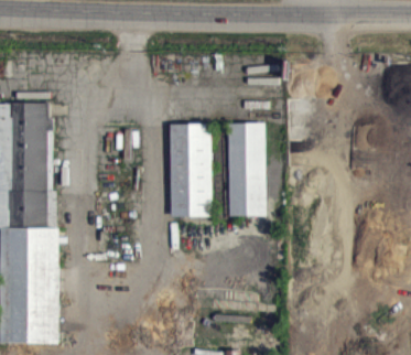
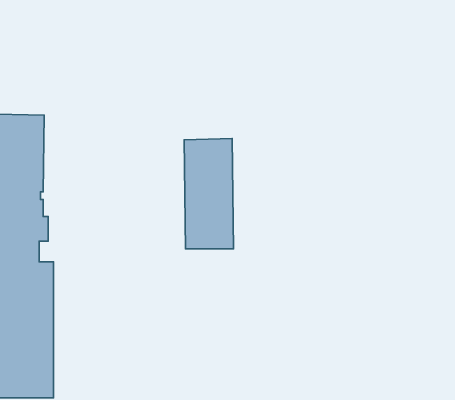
building: [228,123,267,217] -> none

